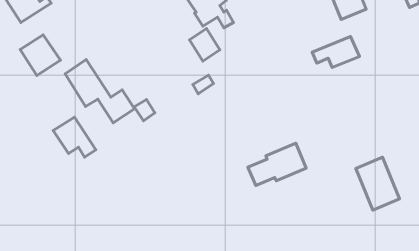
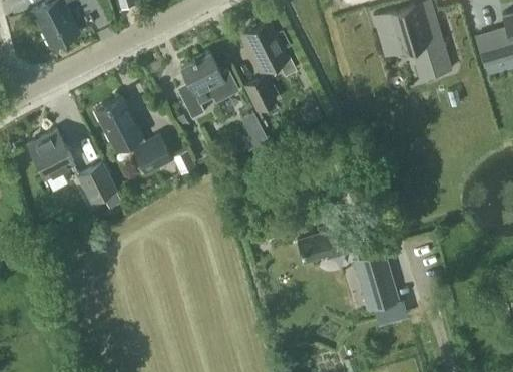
building: none -> [179,53,238,120]
building: [20,35,60,76] -> [28,132,73,178]
building: [312,36,359,68] -> none
building: [356,157,399,210] -> [352,253,399,313]

